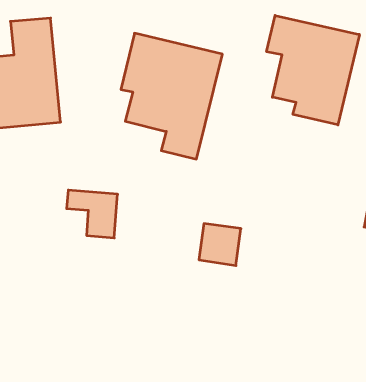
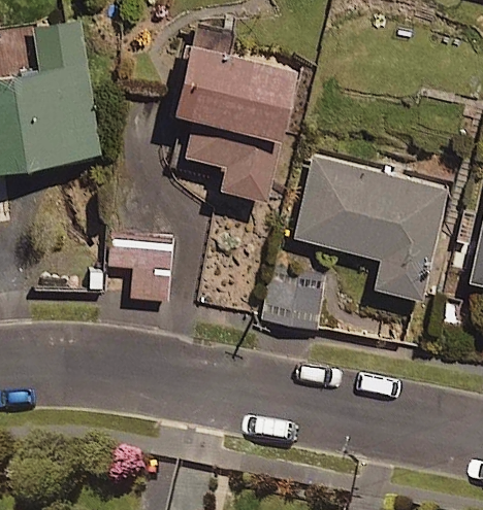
building: [267,15,359,125] -> none
building: none -> [295,158,445,299]

